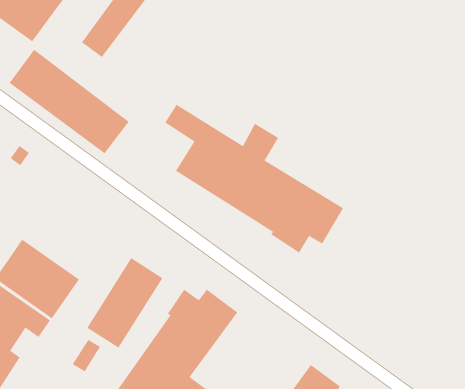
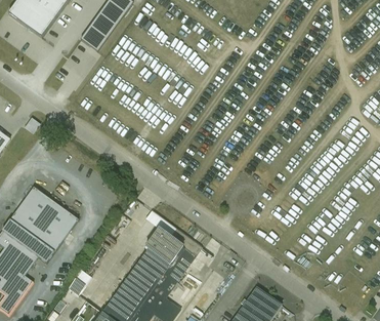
building: [9,49,130,154] -> none
building: [165,104,344,253] -> none
building: [87,257,163,349] -> none

